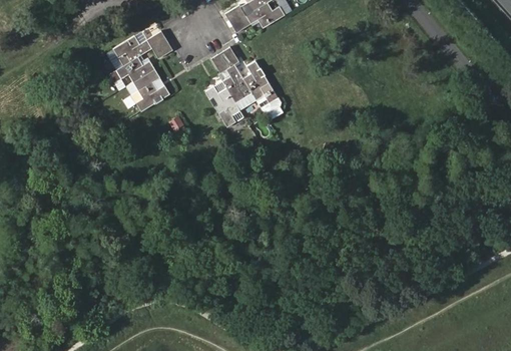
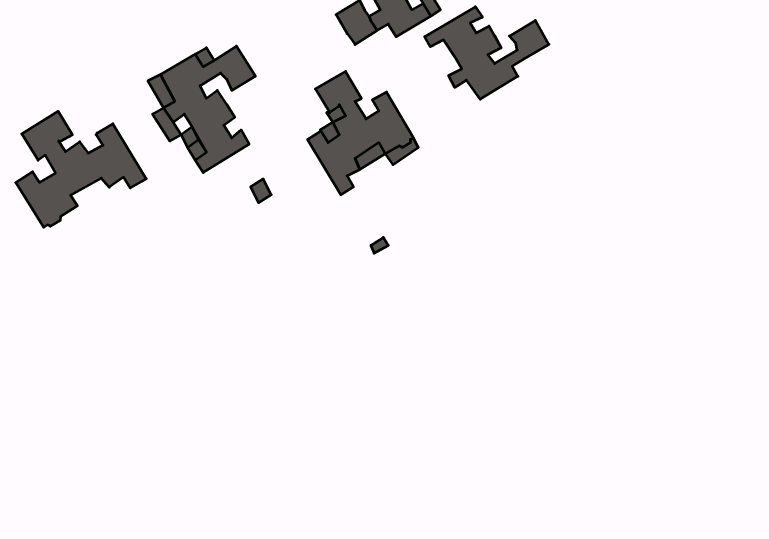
building: none -> [425,7,549,99]
building: none -> [16,111,146,227]

